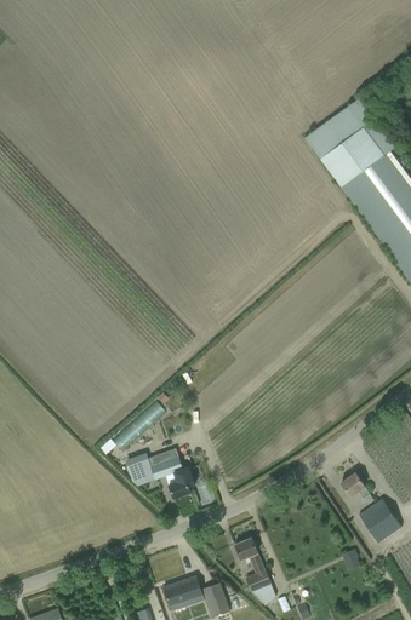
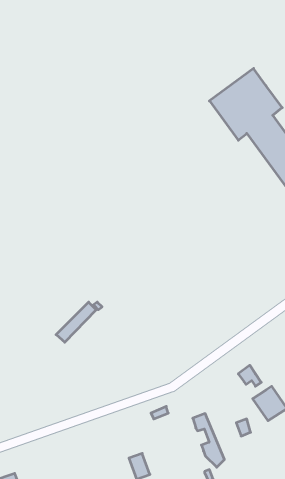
building: [127,448,195,499] -> none
building: [235,538,275,605] -> [193,414,224,467]
building: [164,575,204,609] -> none

